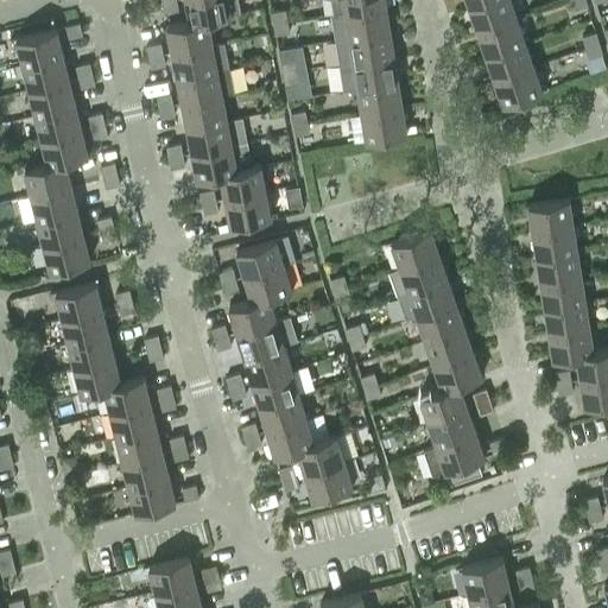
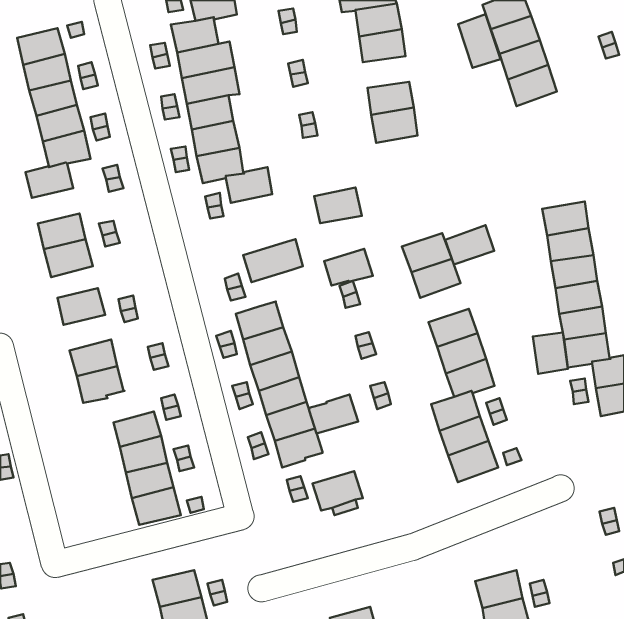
building: none -> [458,14,501,68]
building: [353,59,398,90] -> none
building: [31,188,77,222] -> none
building: [224,194,271,228] -> [314,188,362,223]
building: [245,267,292,303] -> [324,249,373,286]
building: [408,280,456,318] -> [445,225,494,264]
building: [62,311,108,346] -> none
building: none -> [533,332,568,374]
building: [103,379,150,416] -> none
building: [297,437,344,475] -> [309,395,358,434]

